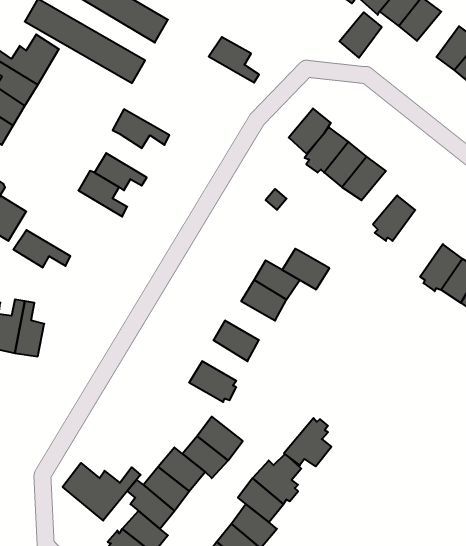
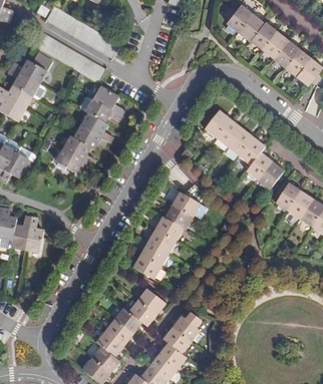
building: [339,12,382,58] -> [273,38,299,66]
building: [209,37,259,83] -> [92,86,123,114]
building: [289,108,331,154] -> [239,136,265,164]
building: none -> [81,113,112,142]
building: none -> [258,160,284,188]
building: [13,230,70,268] -> [56,148,91,171]
building: [282,249,329,289] -> [154,216,184,241]
building: none -> [140,241,169,266]
building: [284,418,331,466] -> none
building: [63,463,141,521] -> none

